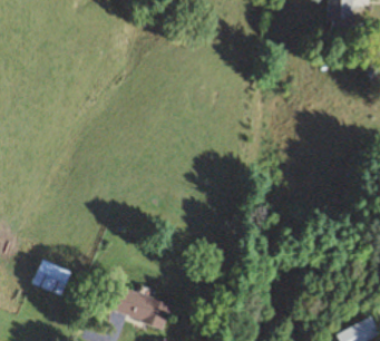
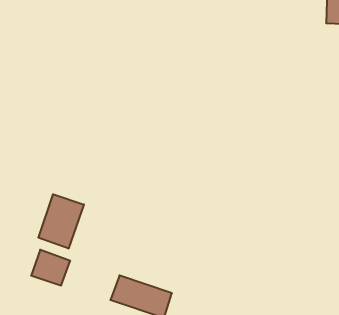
building: none -> [38,194,84,249]

